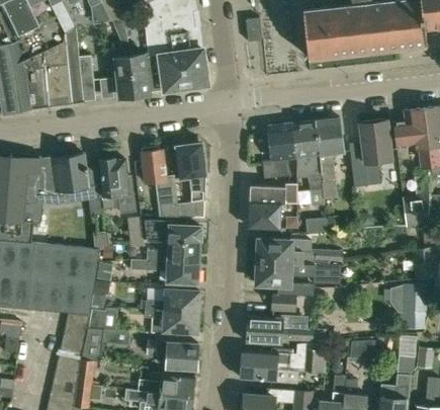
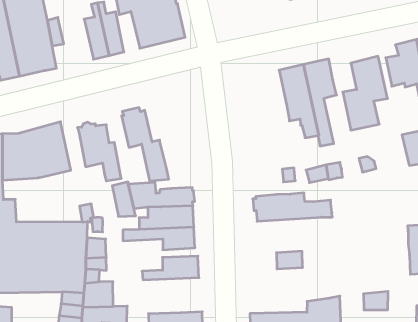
building: [263,125,297,180] -> none
building: [175,144,206,218] -> none
building: [249,184,297,230] -> none
building: [255,264,333,286] -> none
building: [145,309,198,333] -> none
building: [246,315,320,345] -> none

